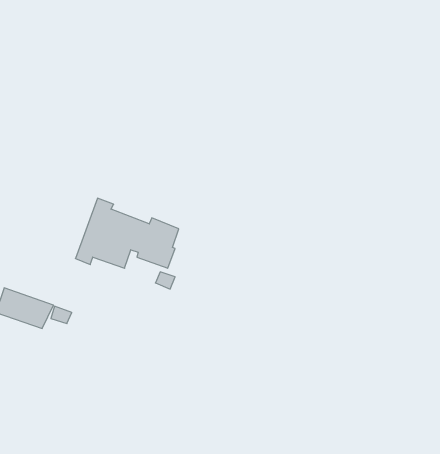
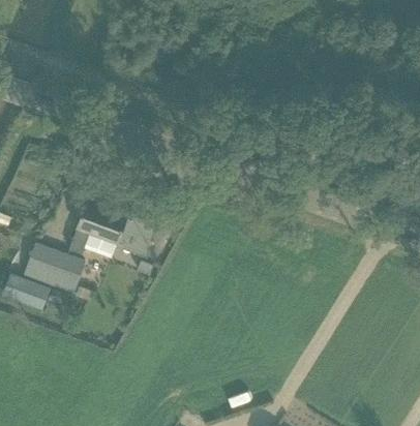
building: none -> [24,243,84,294]

